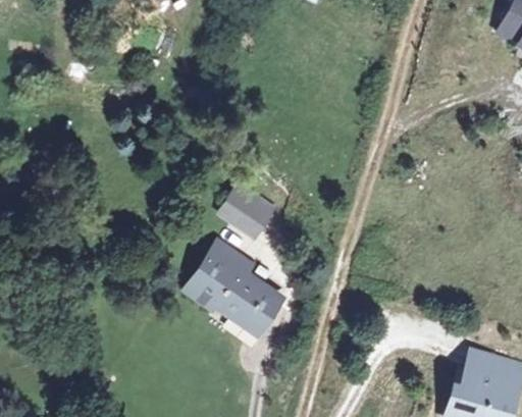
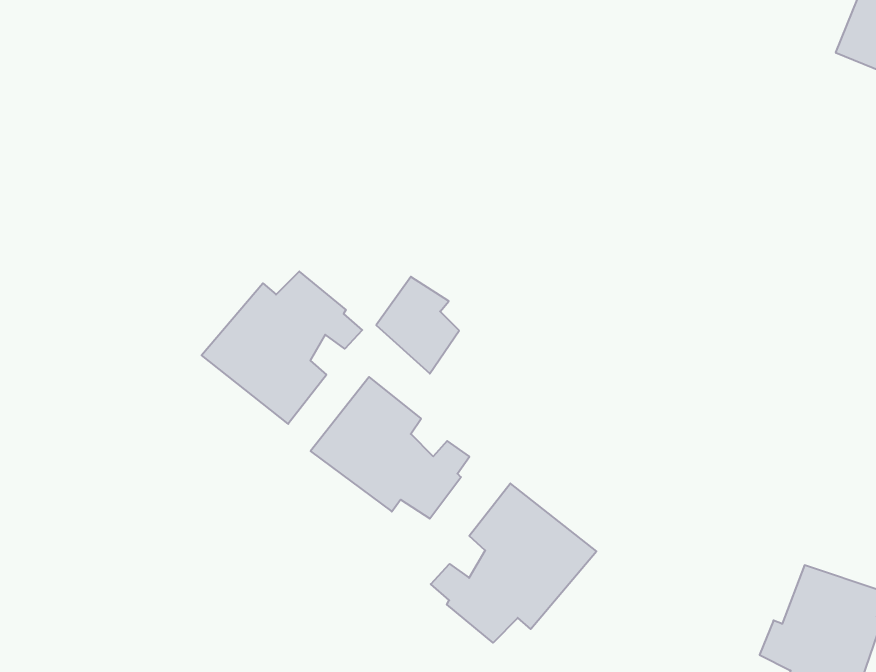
building: none -> [202,271,362,424]
building: none -> [431,483,596,643]

